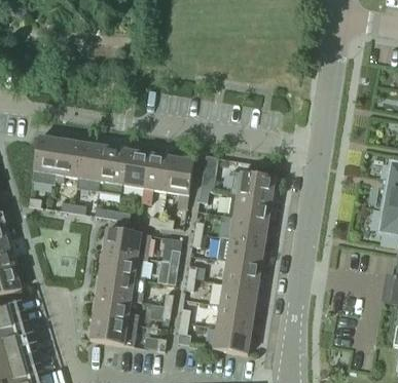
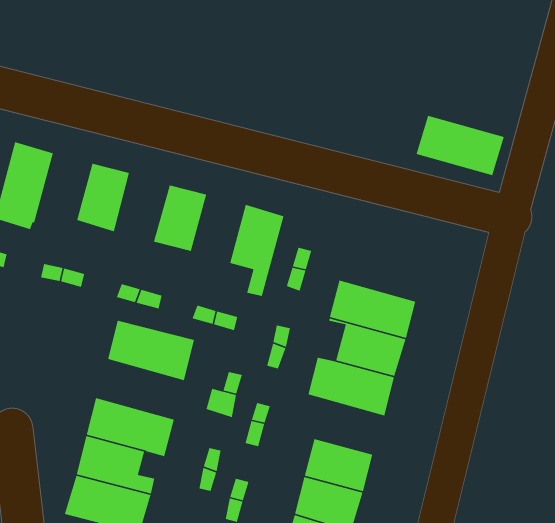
building: [55,138,82,179] -> none
building: [98,144,126,191] -> none
building: [143,151,170,188] -> none
building: [226,167,275,197] -> [416,115,505,176]
building: [99,248,147,277] -> none
building: [216,256,260,284] -> none

